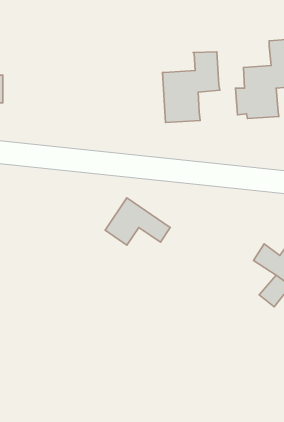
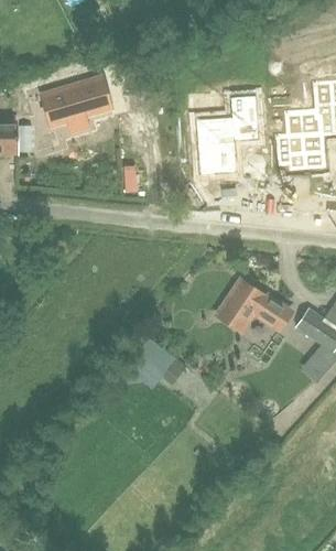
building: none -> [40,74,111,126]
building: [105,198,170,245] -> [217,279,290,332]

